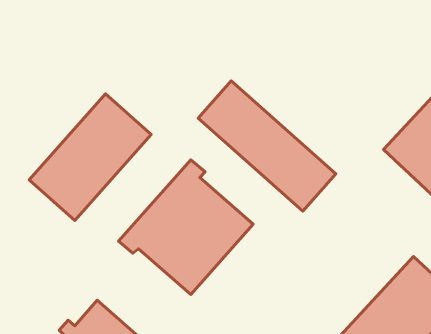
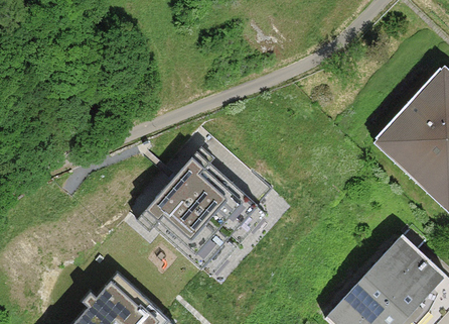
building: [198,81,336,211] -> none
building: [29,94,151,220] -> none

